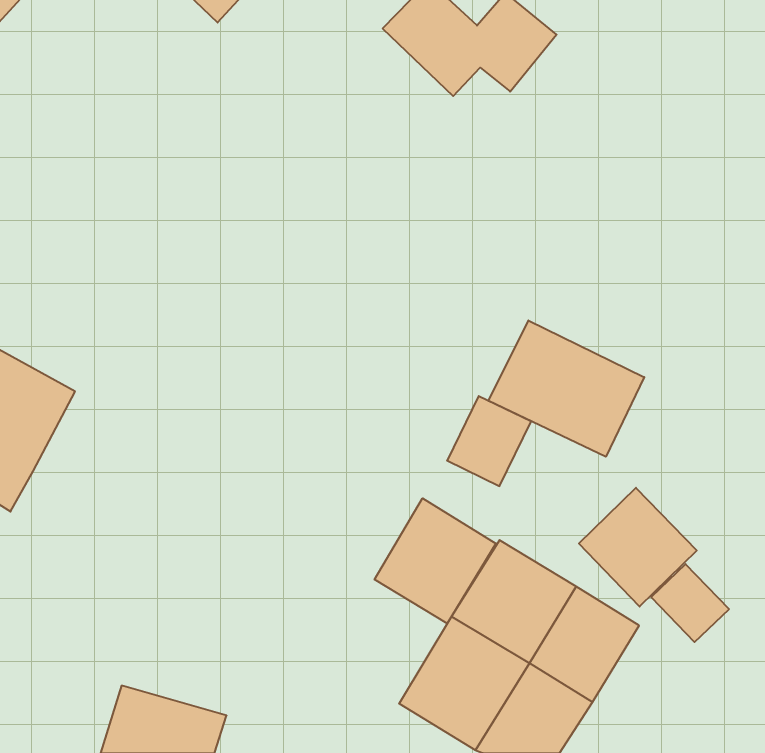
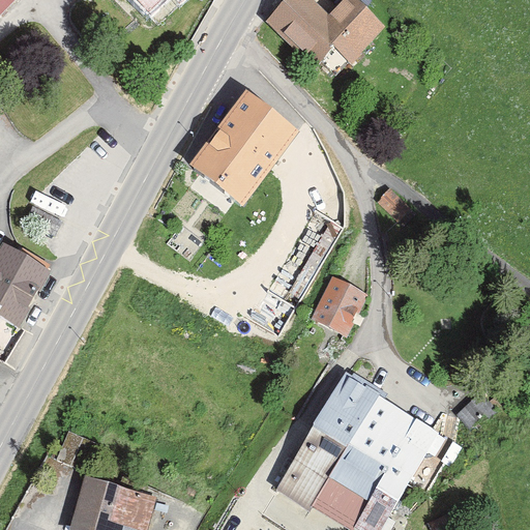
building: none -> [190,90,301,207]
building: [488,320,644,457] -> none
building: [579,488,697,607] -> none
building: [375,498,496,623] -> none

